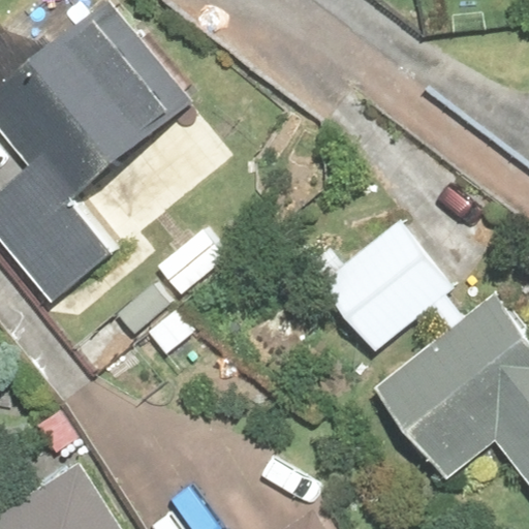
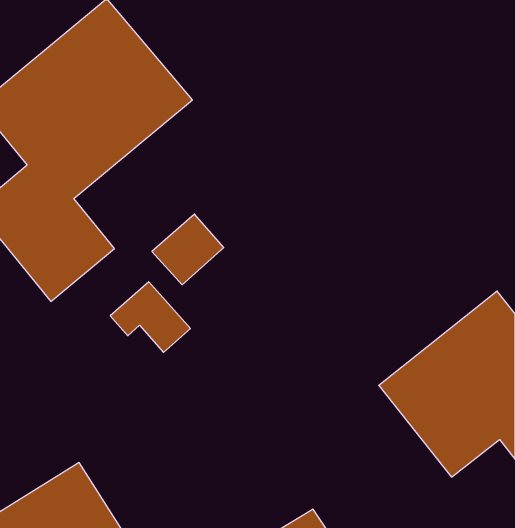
building: [319,219,454,351] -> none

